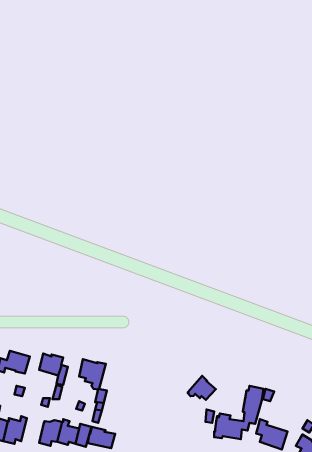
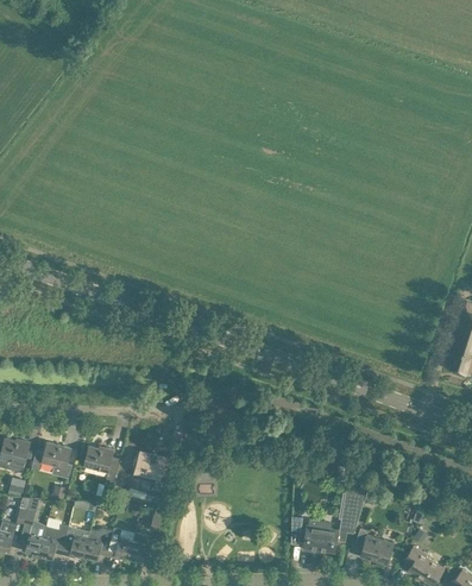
building: [188,376,216,400] -> none
building: none -> [62,525,90,556]
building: [88,427,115,448] -> none

